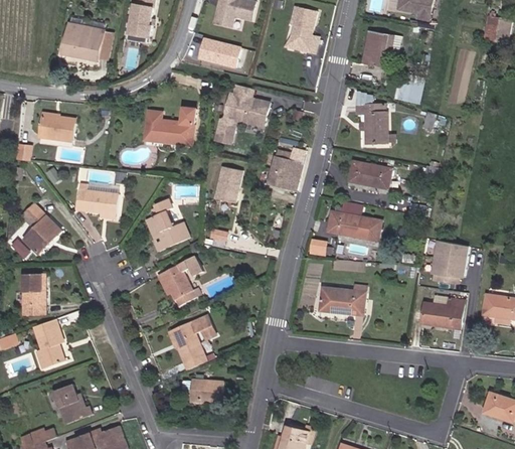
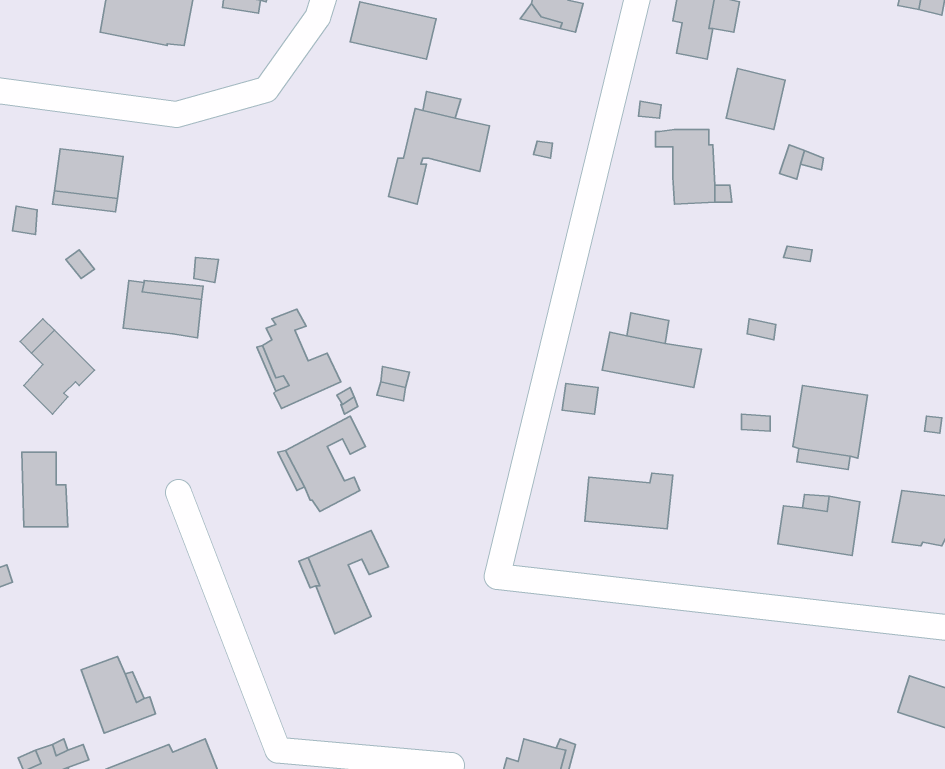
building: [144,108,196,144] -> none
building: [267,148,305,191] -> none
building: [349,162,391,189] -> none
building: [214,166,242,203] -> none
building: [33,319,64,369] -> none
building: [181,380,223,403] -> none

